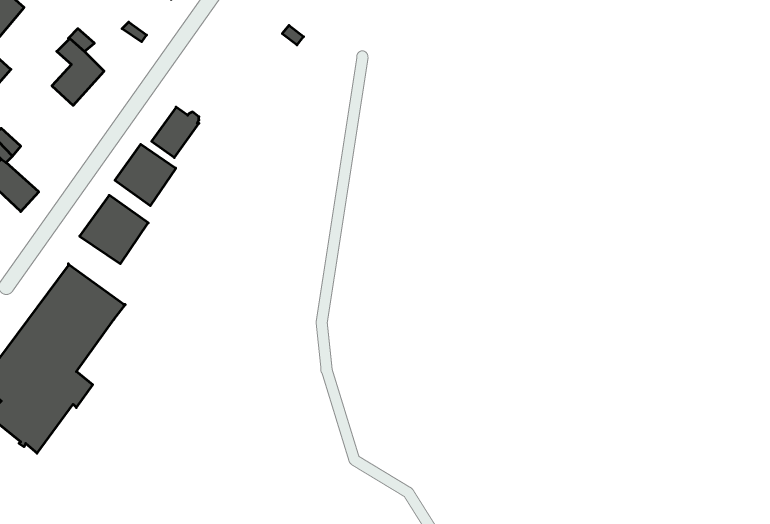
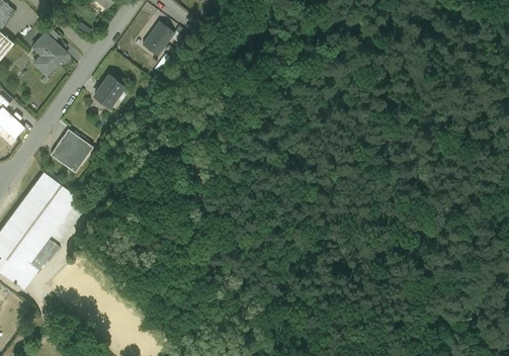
building: none -> [142,20,174,55]
building: [115,144,176,206] -> none

